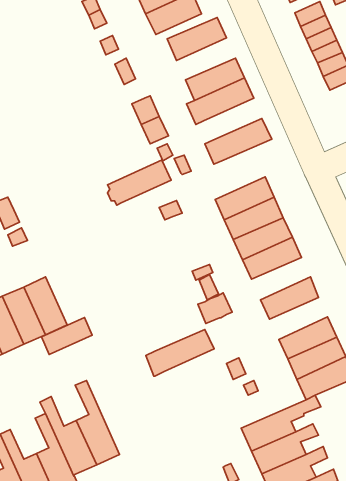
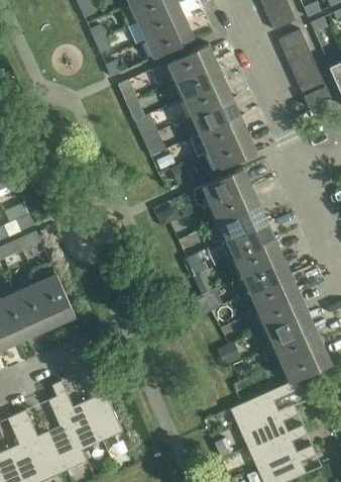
building: none -> [173,62,225,99]
building: none -> [197,115,248,153]
building: [108,160,171,205] -> [195,167,251,207]
building: none -> [255,292,307,329]
building: [42,317,92,354] -> none
building: [146,329,214,376] -> [231,257,292,298]

